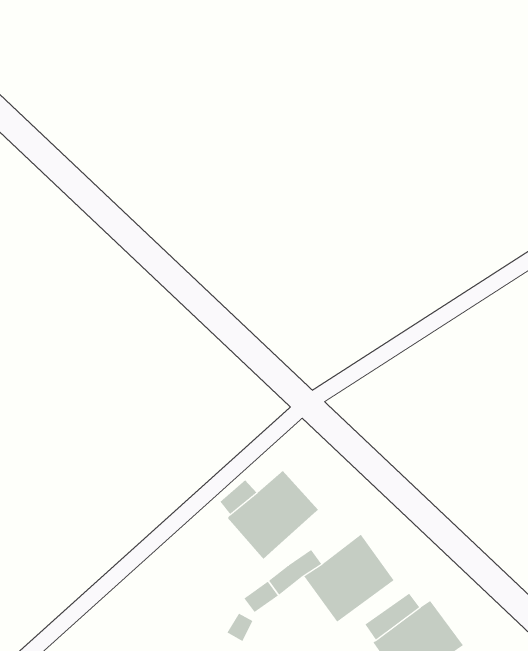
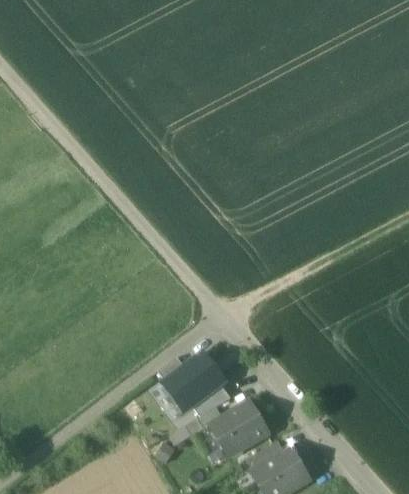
building: none -> [193,385,231,417]

